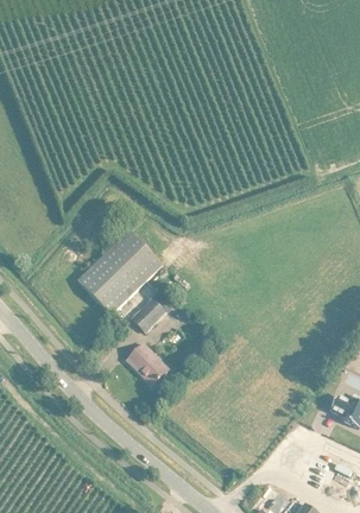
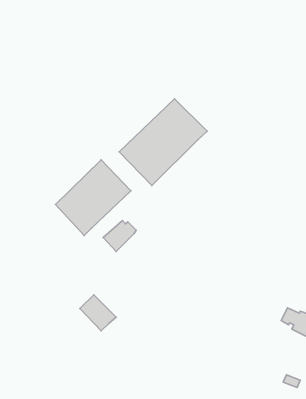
building: none -> [119,99,207,185]
building: [127,344,168,385] -> [80,295,116,331]

